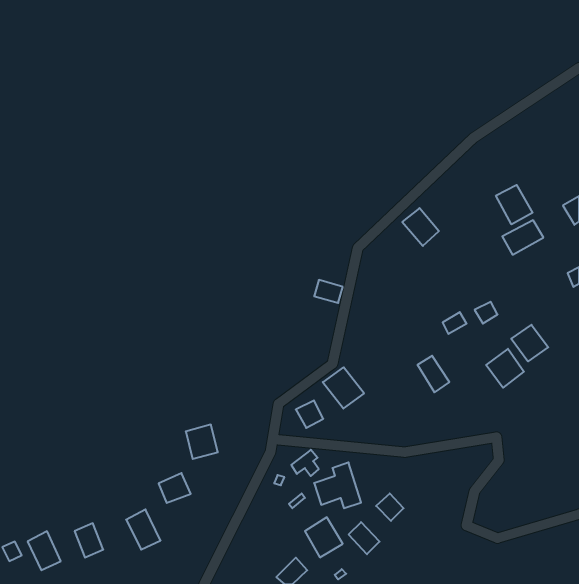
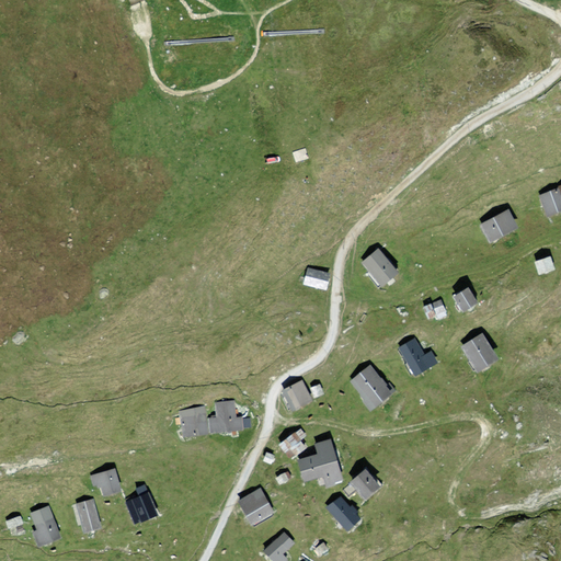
building: [496,185,533,224] -> none
building: [402,208,439,246] -> [362,249,397,285]
building: [511,325,548,361] -> none
building: [323,367,364,409] -> [352,369,391,409]
building: none -> [213,401,237,432]
building: [159,473,191,503] -> [91,468,122,496]
building: [305,517,343,557] -> [236,489,272,527]

